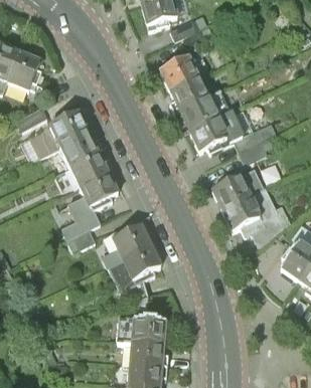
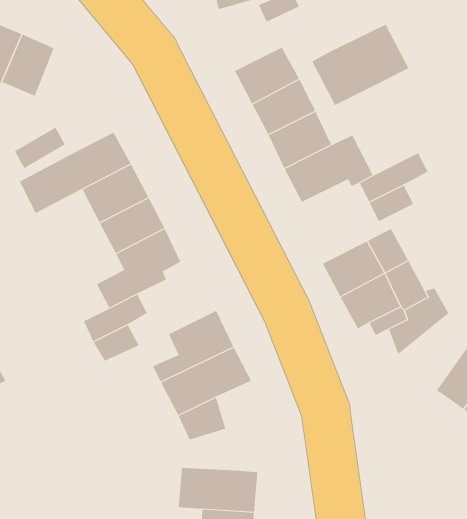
building: none -> [312,24,409,106]

